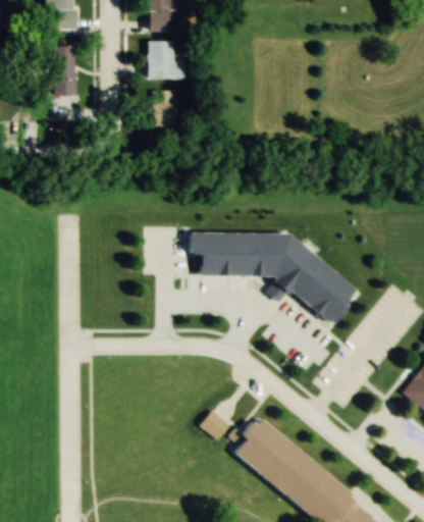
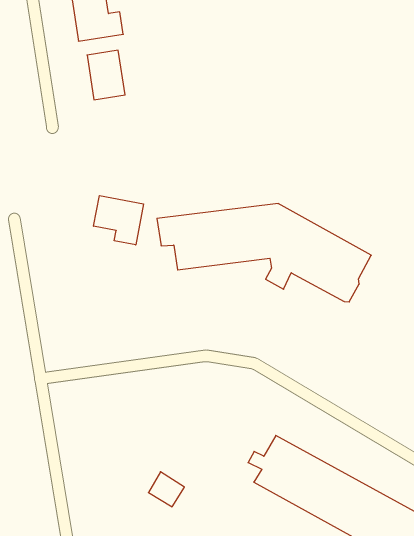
building: none -> [94,196,143,245]
building: [201,410,230,439] -> [148,472,184,507]

